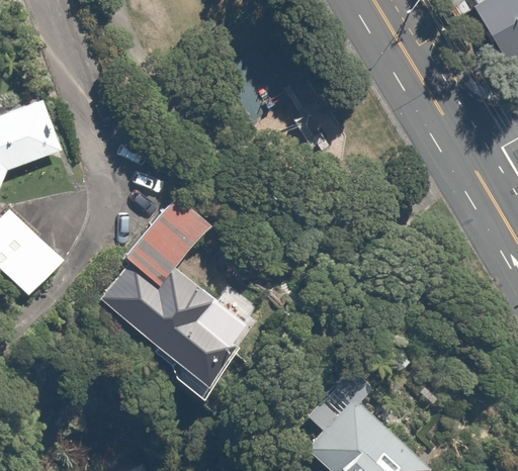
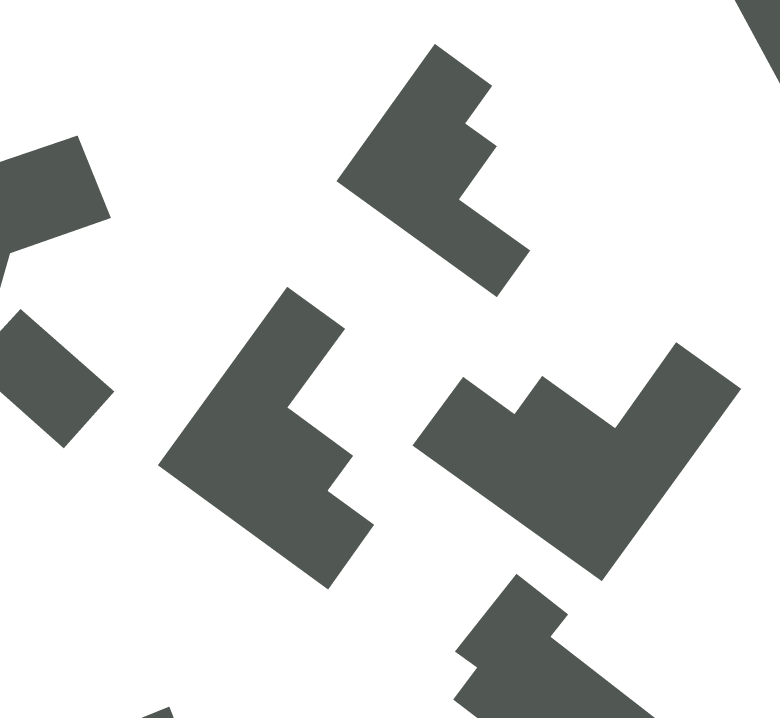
building: none -> [335,43,531,298]
building: none -> [412,341,742,582]

